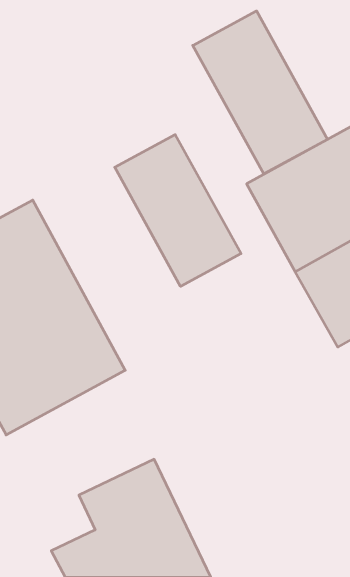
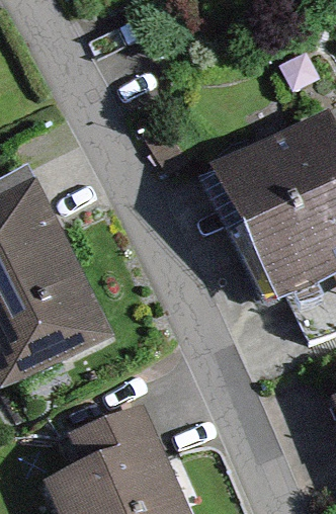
building: [193,11,328,174] -> none
building: [115,135,241,286] -> none

